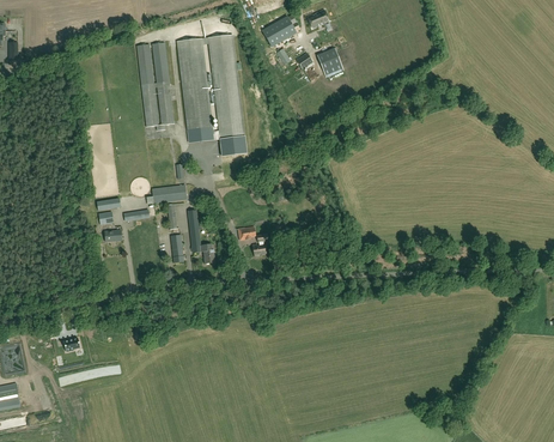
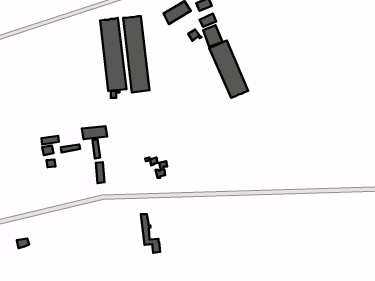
building: [136,43,173,131] -> none
building: none -> [209,40,248,98]
building: [188,211,214,264] -> [141,214,160,253]

